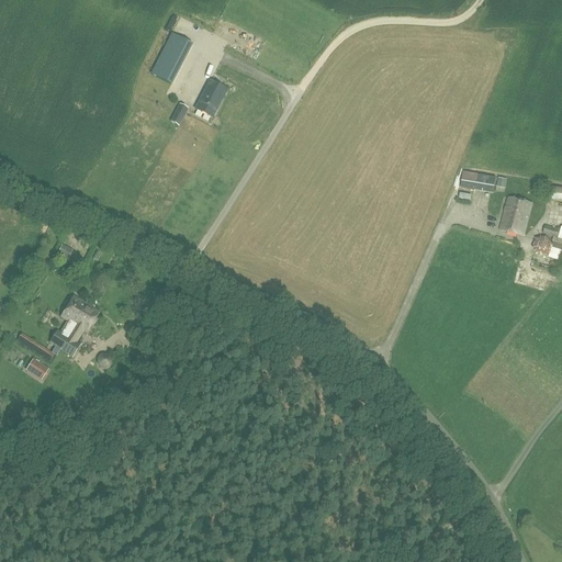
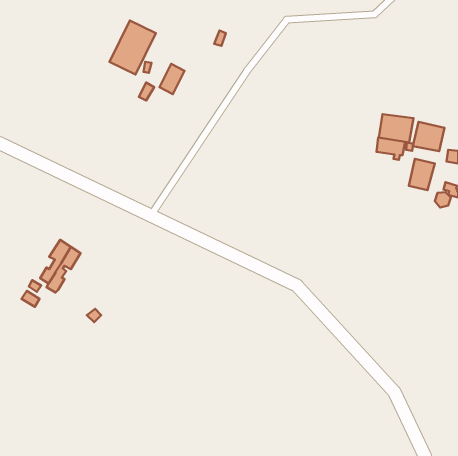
building: none -> [379,114,413,143]
building: none -> [413,122,445,151]

